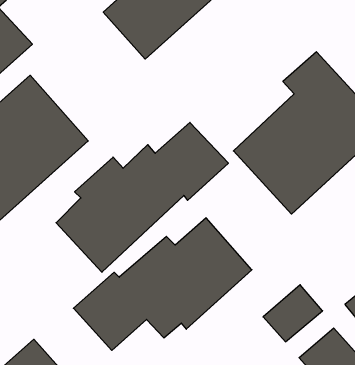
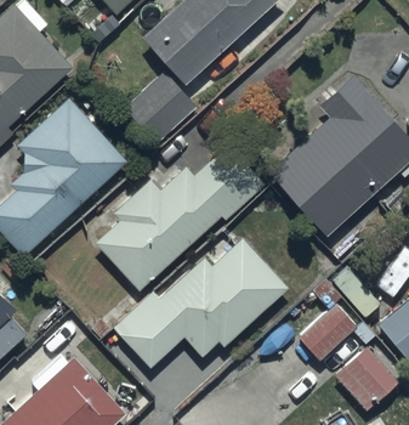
building: none -> [124,72,195,144]

